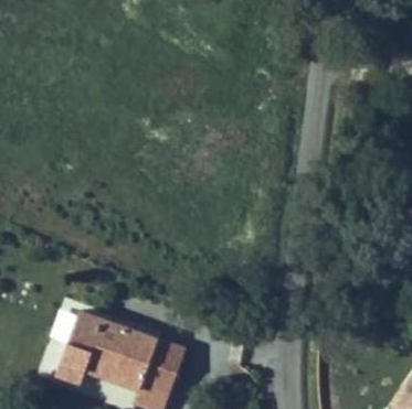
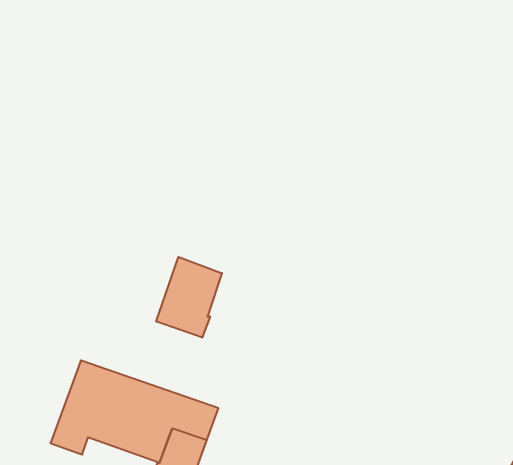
building: none -> [156,257,222,338]

